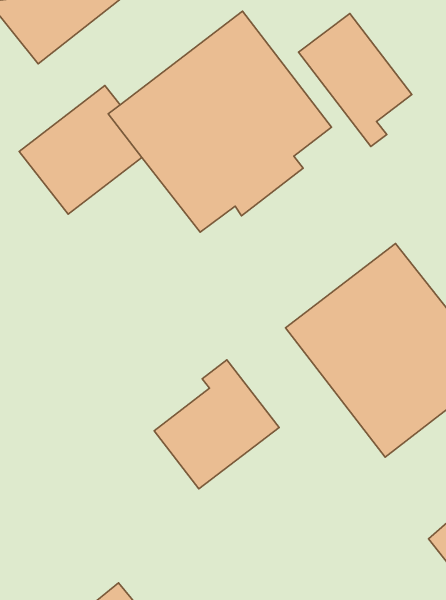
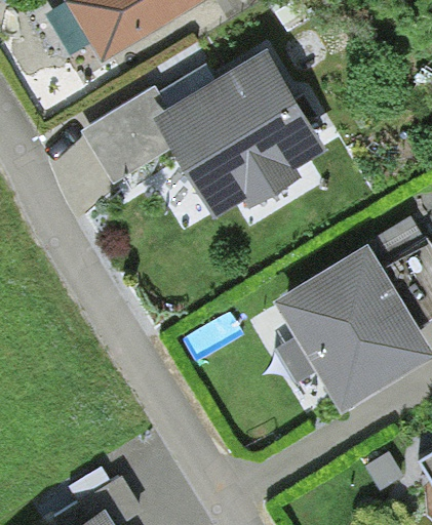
building: [298,14,412,146] -> none
building: [154,360,279,489] -> none

